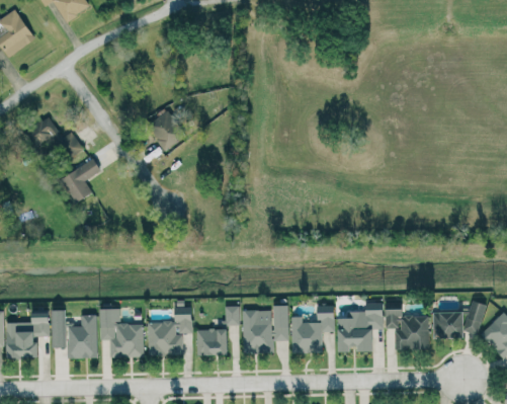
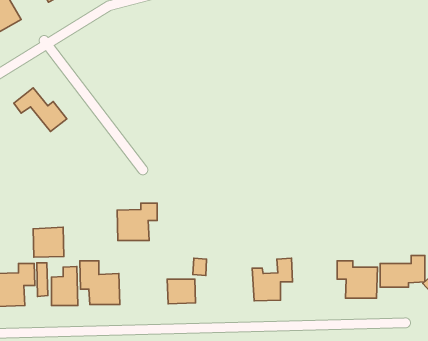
building: [145,106,186,150] -> none
building: [61,158,100,203] -> none
building: none -> [33,227,64,257]
building: [243,304,288,352] -> none
building: [337,309,384,351] -> none
building: [148,313,192,354] -> [117,203,157,240]

